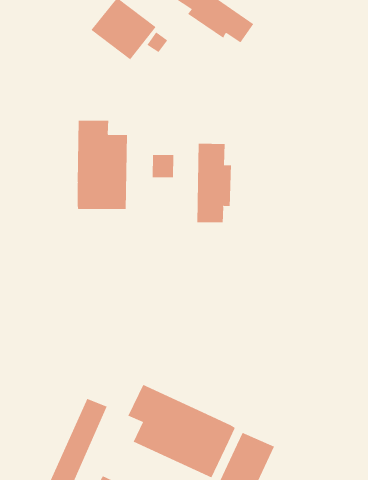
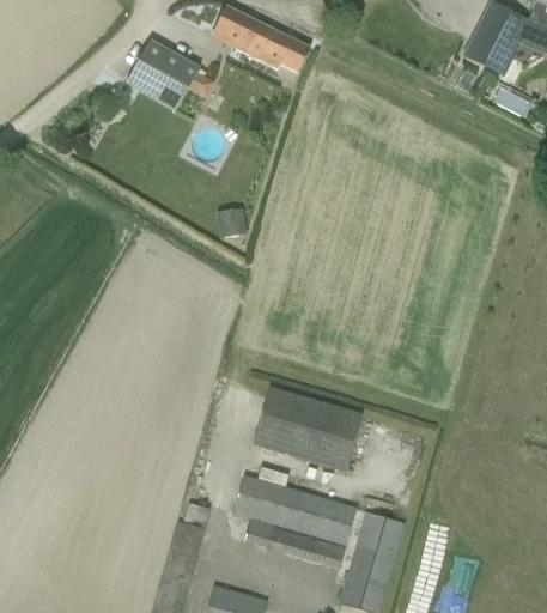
building: [77,120,127,210] -> none
building: [197,143,231,223] -> none
building: none -> [253,384,363,472]

